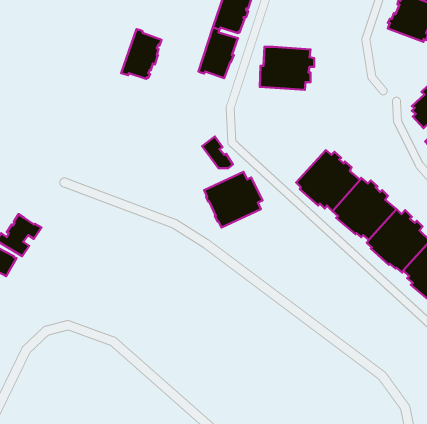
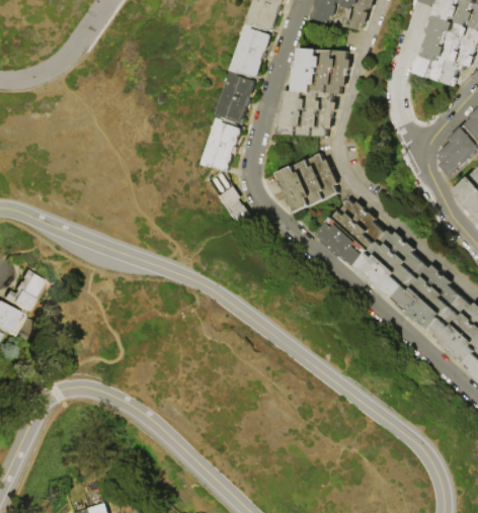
building: none -> [292,49,349,94]
building: [121,29,162,79] -> [198,118,241,171]
building: [204,172,263,227] -> [275,154,337,212]

